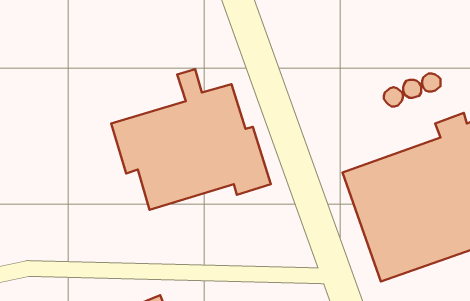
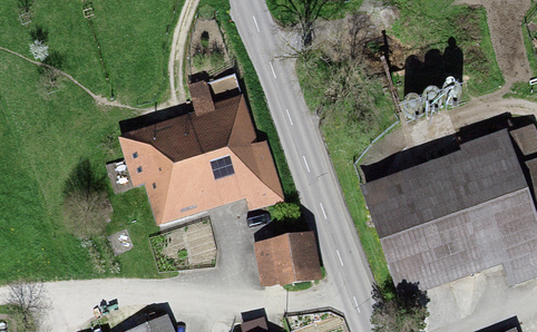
building: none -> [254,232,322,286]

